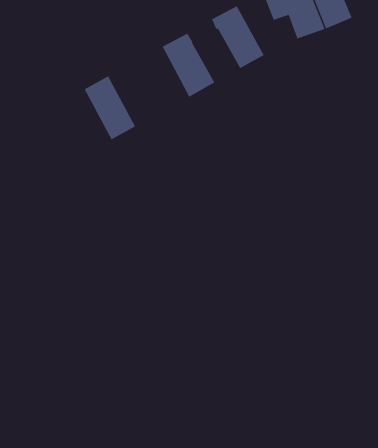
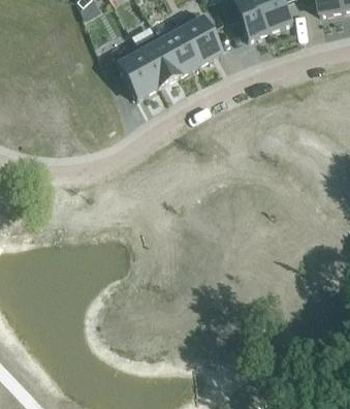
building: none -> [161,32,200,76]
building: [84,76,136,140] -> [115,46,158,100]

